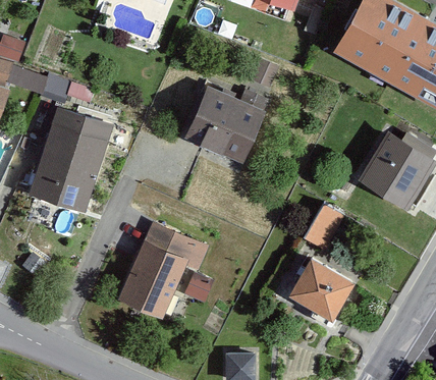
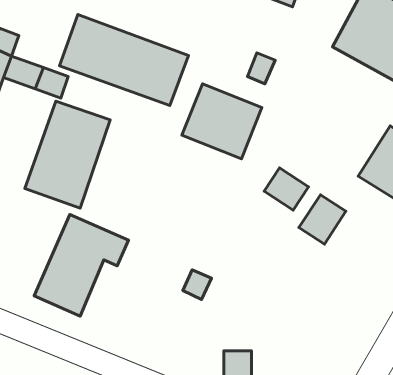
building: none -> [60,15,189,105]
building: none -> [264,168,308,210]
building: [116,219,210,320] -> [34,214,128,316]
building: [287,260,355,324] -> none

